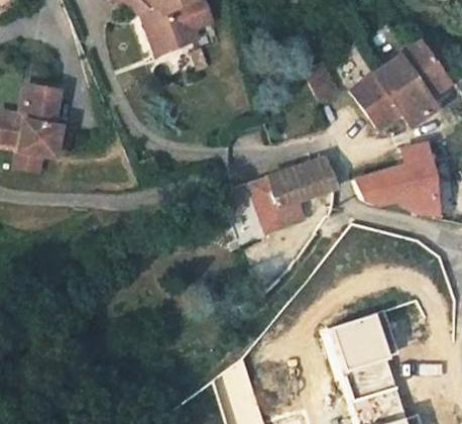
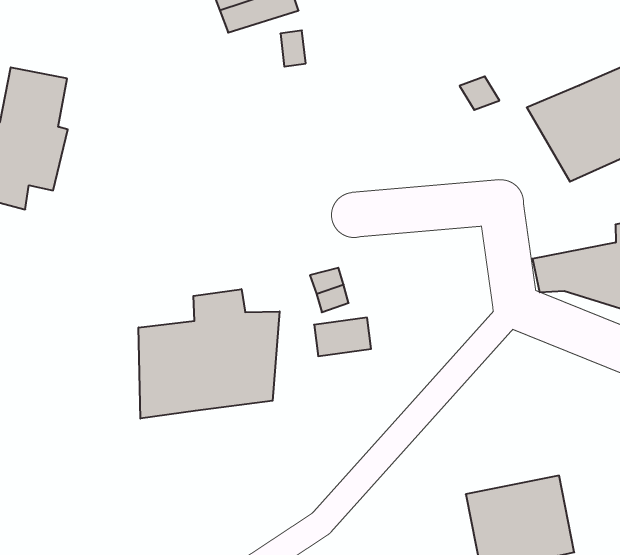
building: [247,156,332,232] -> none
building: none -> [139,289,280,419]

